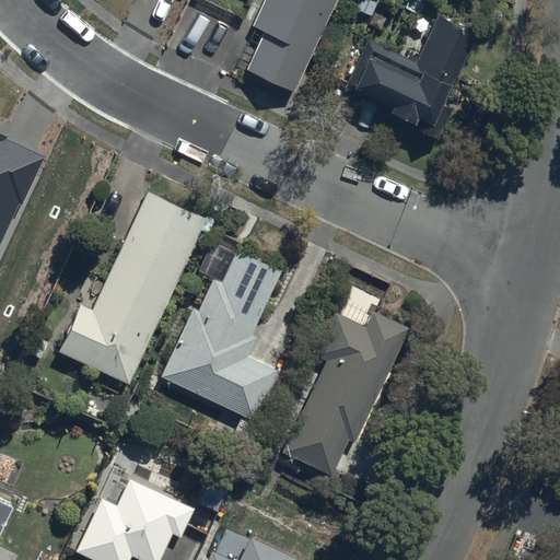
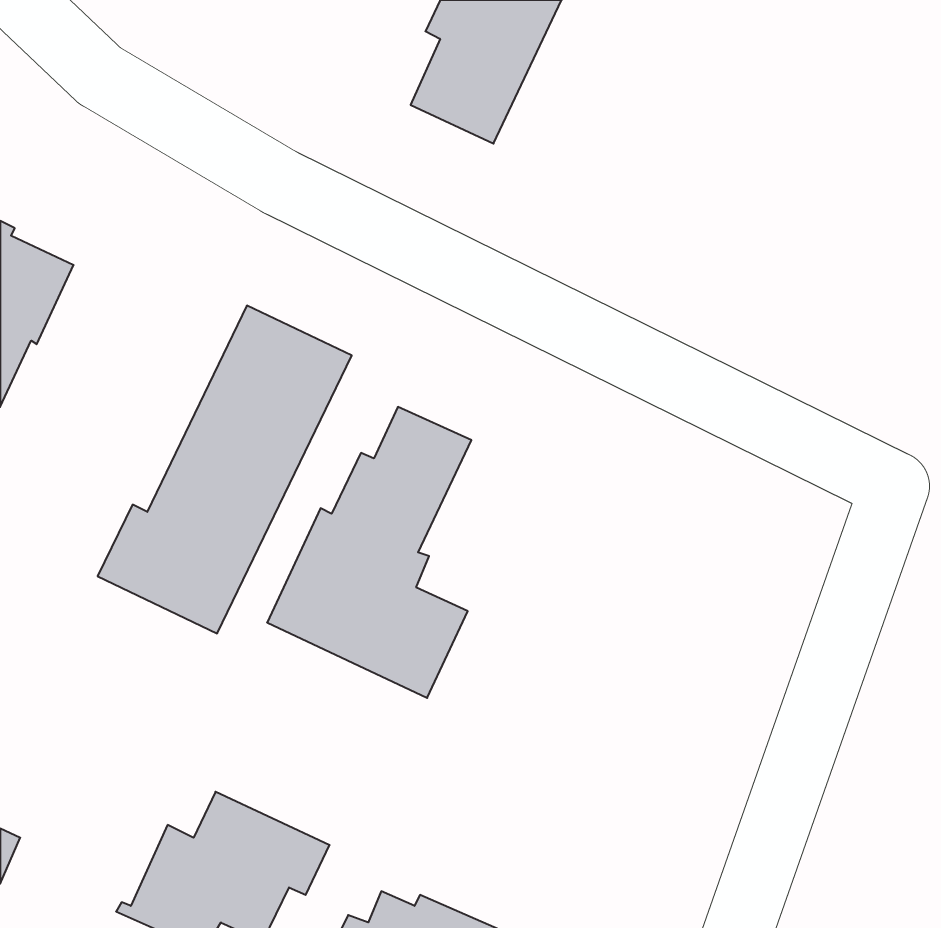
building: [345,14,478,140] -> none
building: [282,312,407,475] -> none

